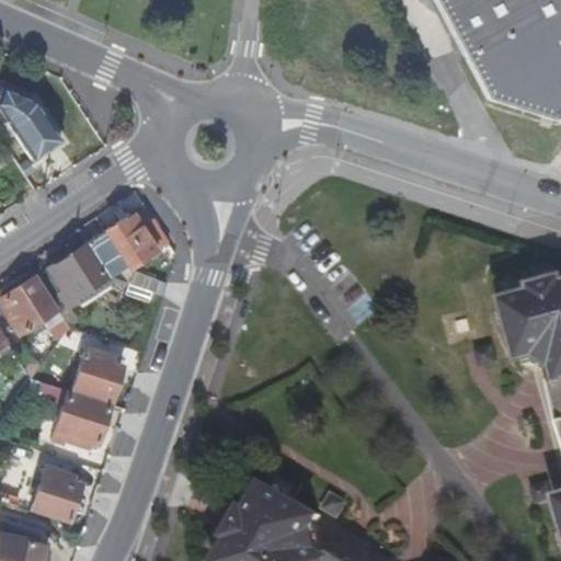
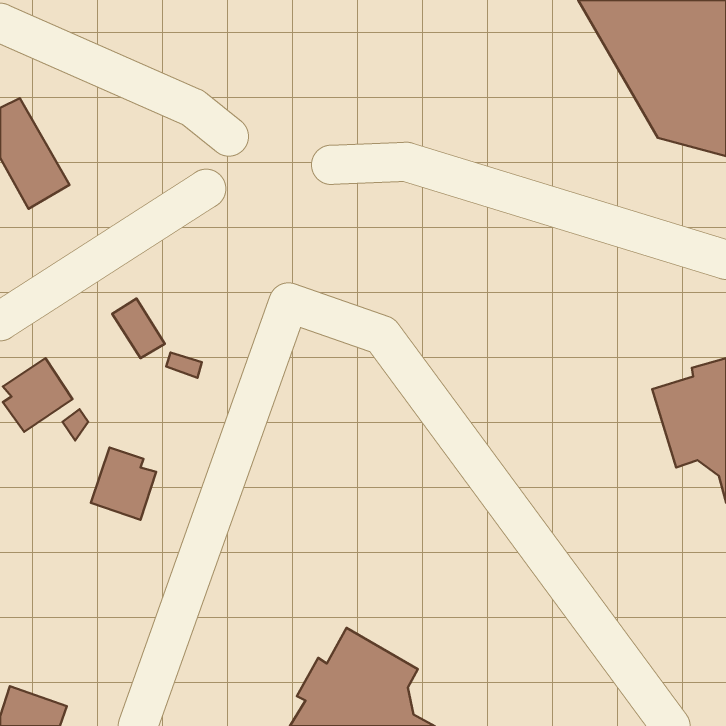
building: [105,207,165,265] -> none
building: [53,244,104,305] -> none
building: [48,392,106,447] -> none
building: [30,465,79,519] -> none

